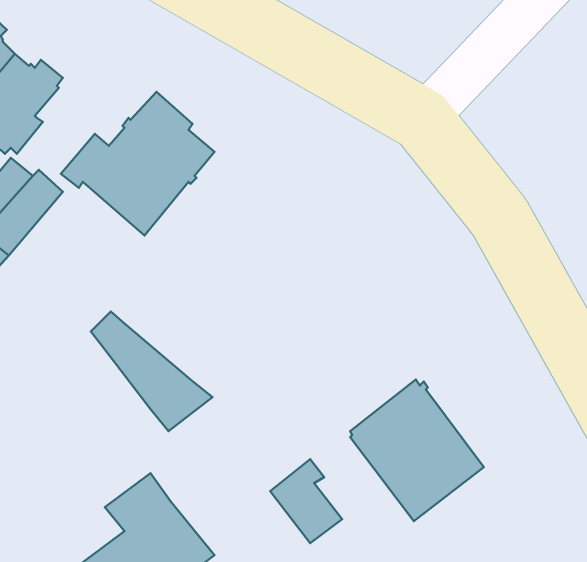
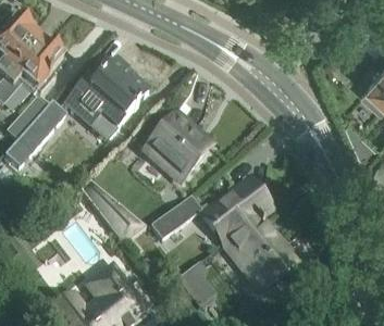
building: none -> [132,120,205,185]
building: none -> [202,184,272,248]
building: none -> [149,198,200,243]

